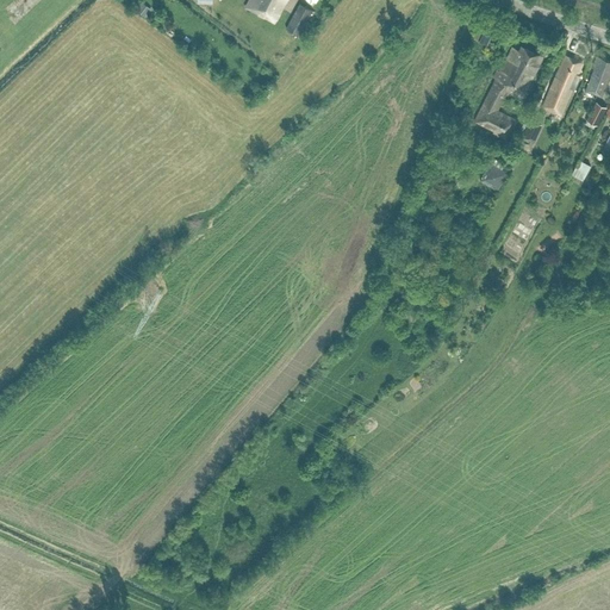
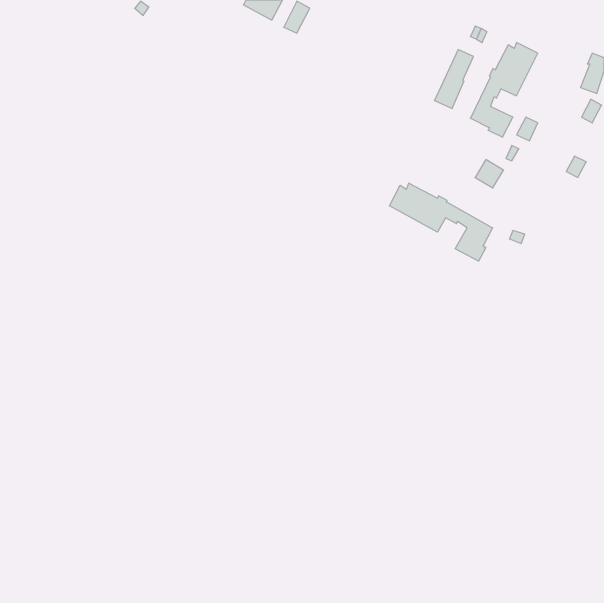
building: [542,55,581,114] -> [434,50,473,109]
building: none -> [389,183,493,261]

